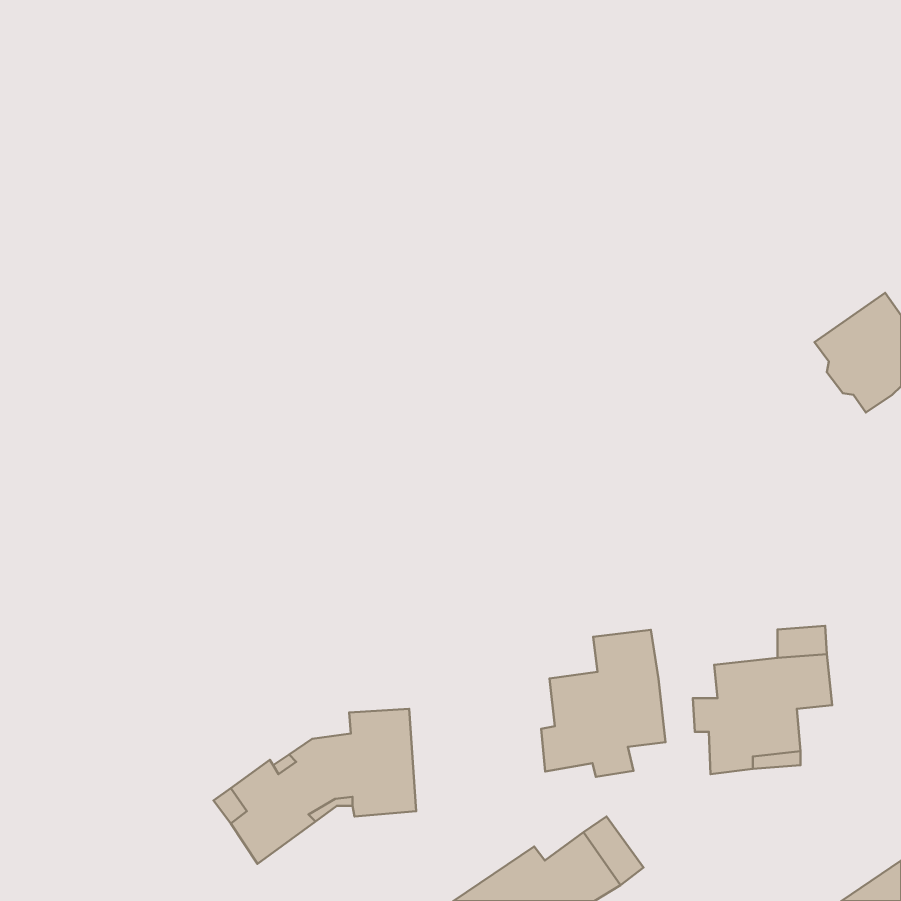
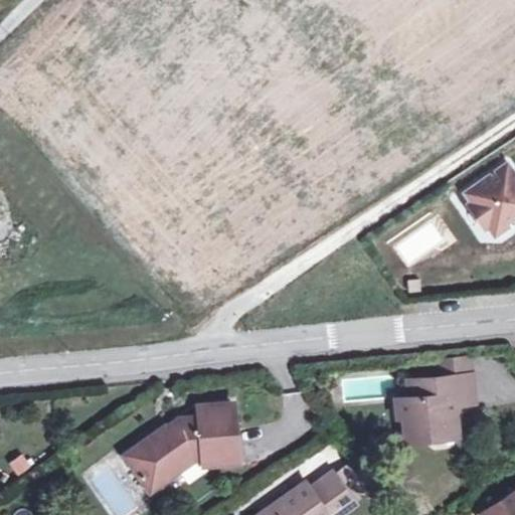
building: [541,630,666,777] -> none

